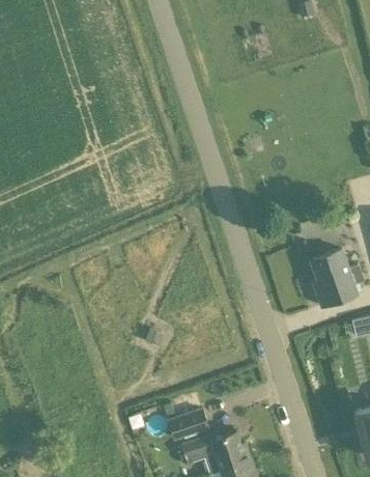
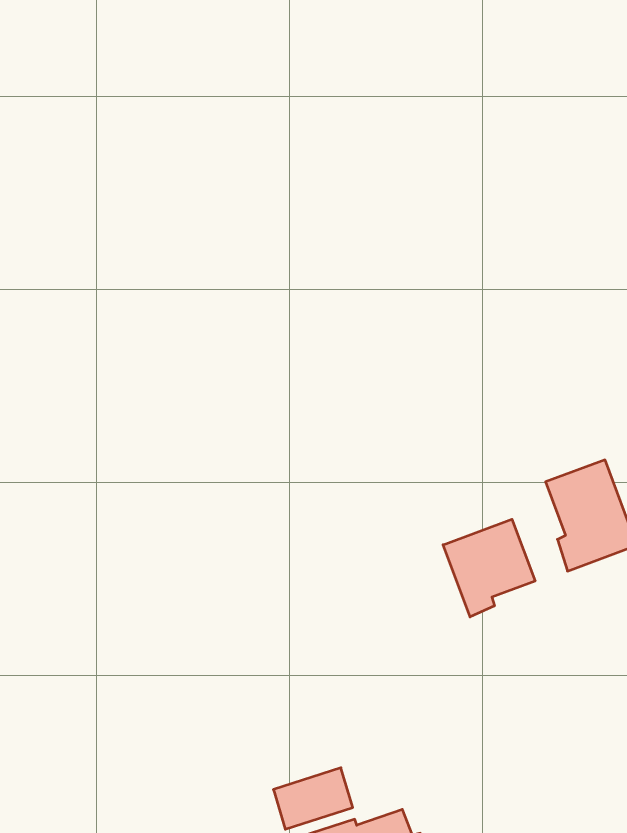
building: none -> [443,519,535,617]

